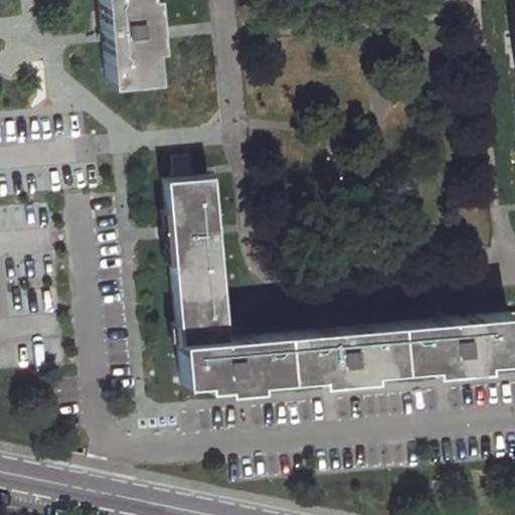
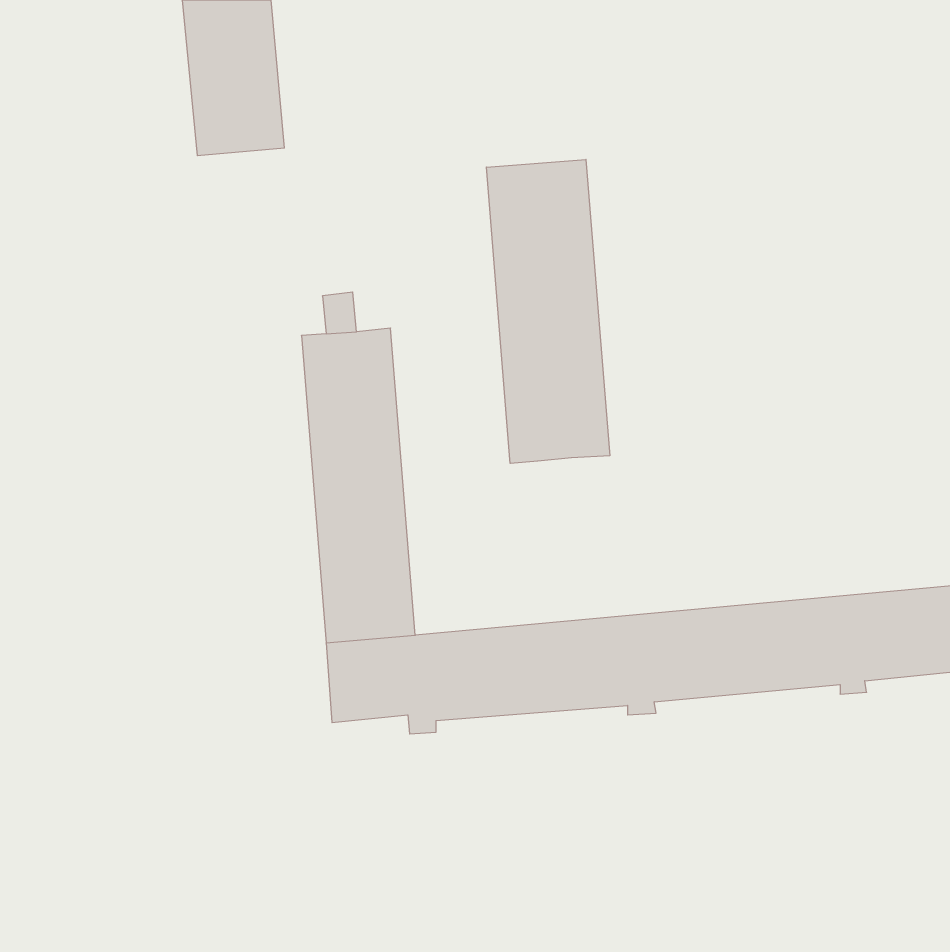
building: none -> [486,159,610,463]

